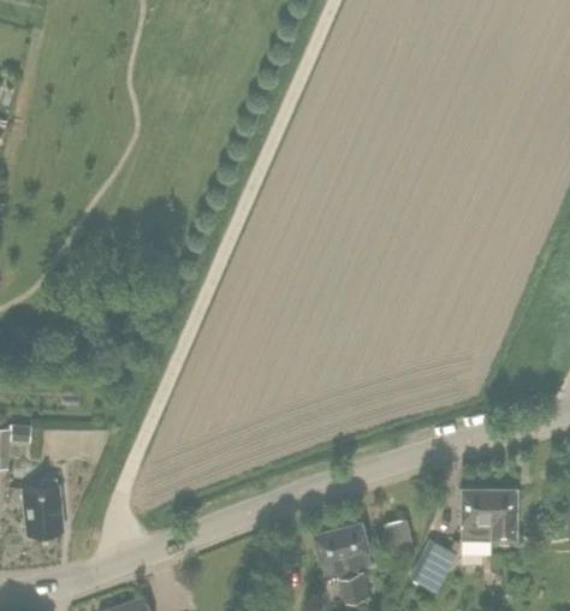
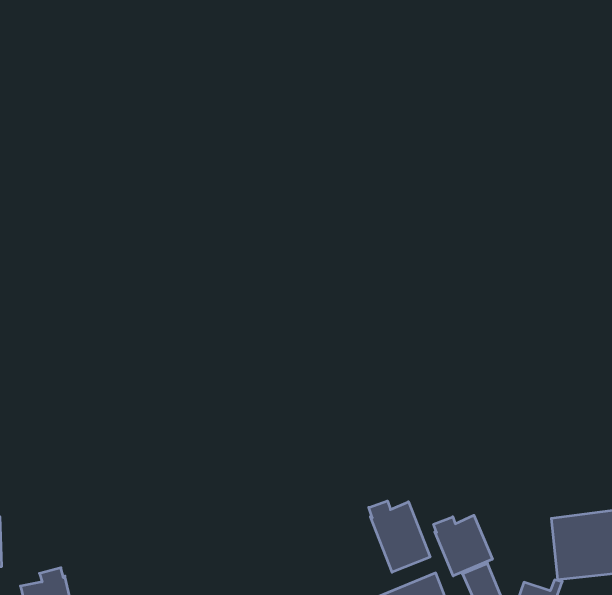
building: none -> [369,501,430,572]
building: none -> [434,515,492,576]

